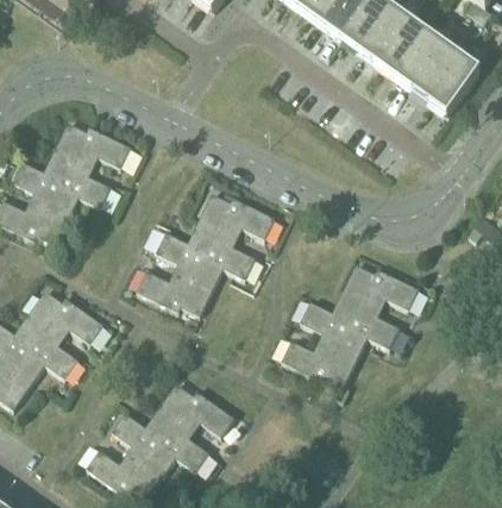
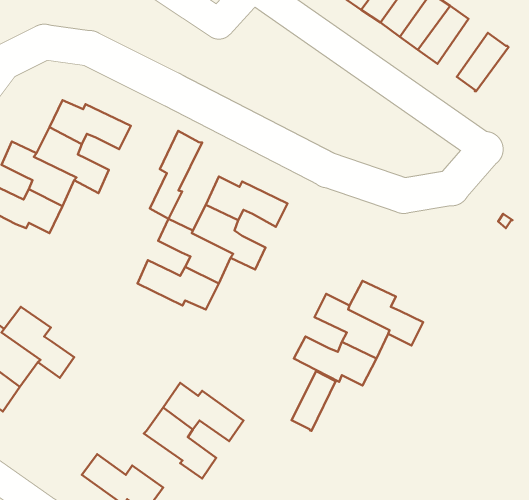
building: [413,46,459,100] -> none
building: none -> [150,131,202,219]
building: [344,263,419,308] -> none
building: [30,289,103,343] -> none
building: none -> [291,371,336,431]
building: [112,412,178,478] -> none

